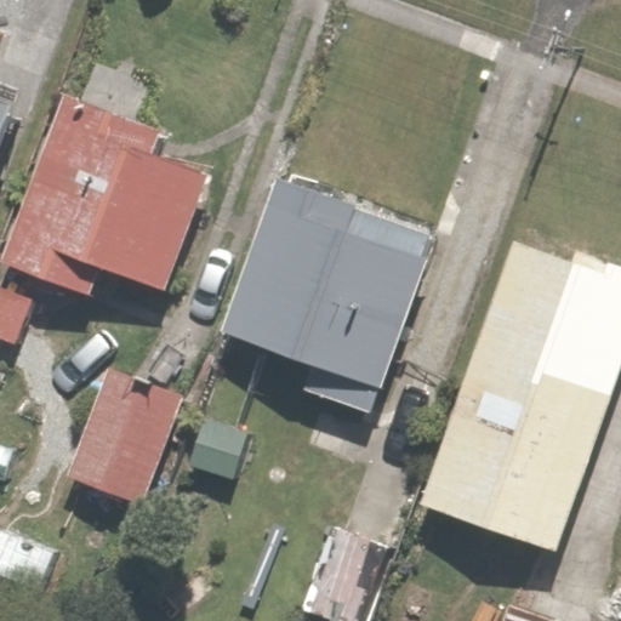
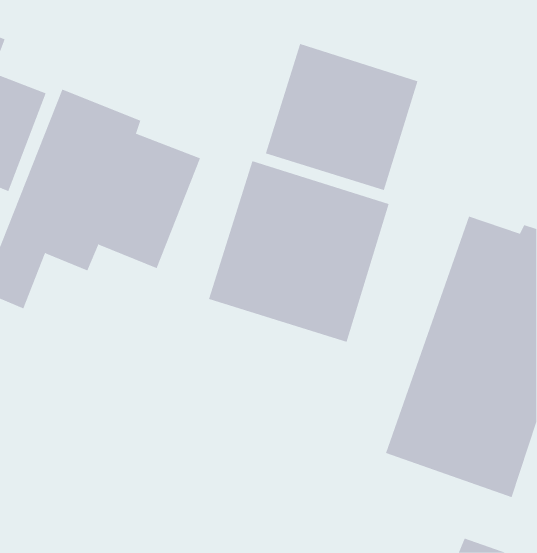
building: none -> [265,43,418,191]
building: [73,369,196,509] -> none

